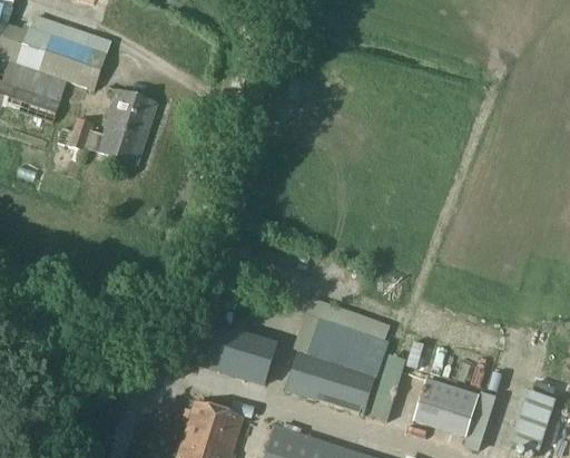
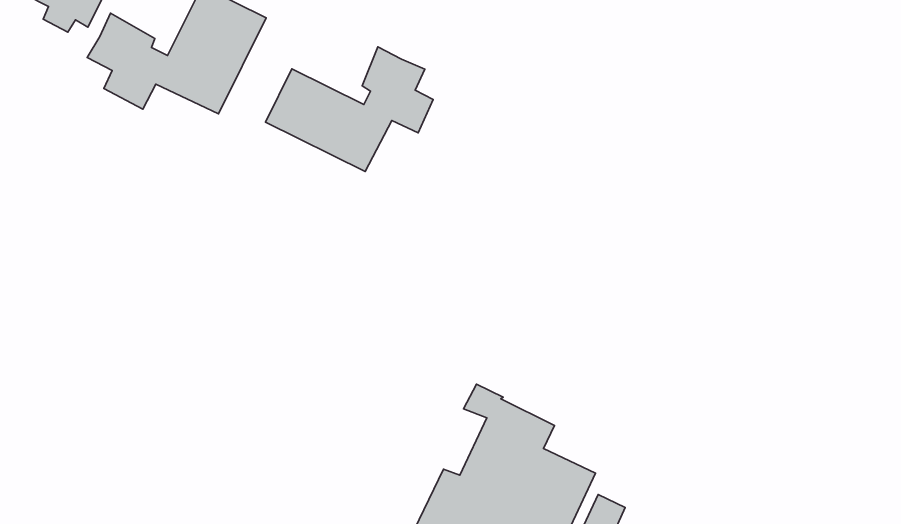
building: none -> [265,47,433,171]
building: [196,321,278,383] -> none

